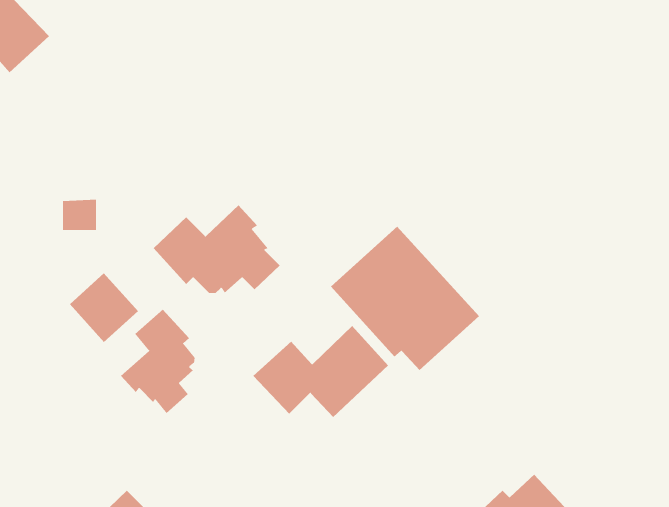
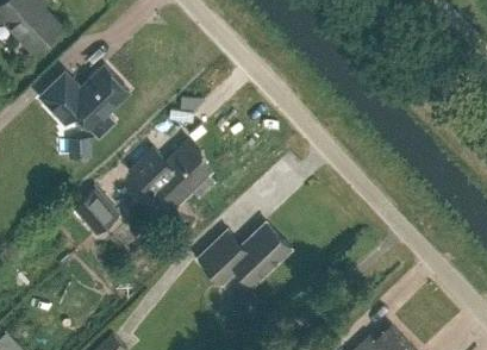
building: none -> [39,68,129,139]
building: [330,226,480,371] -> none
building: [120,309,195,414] -> none

